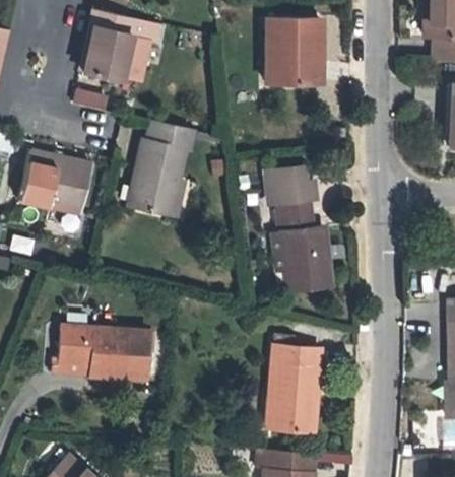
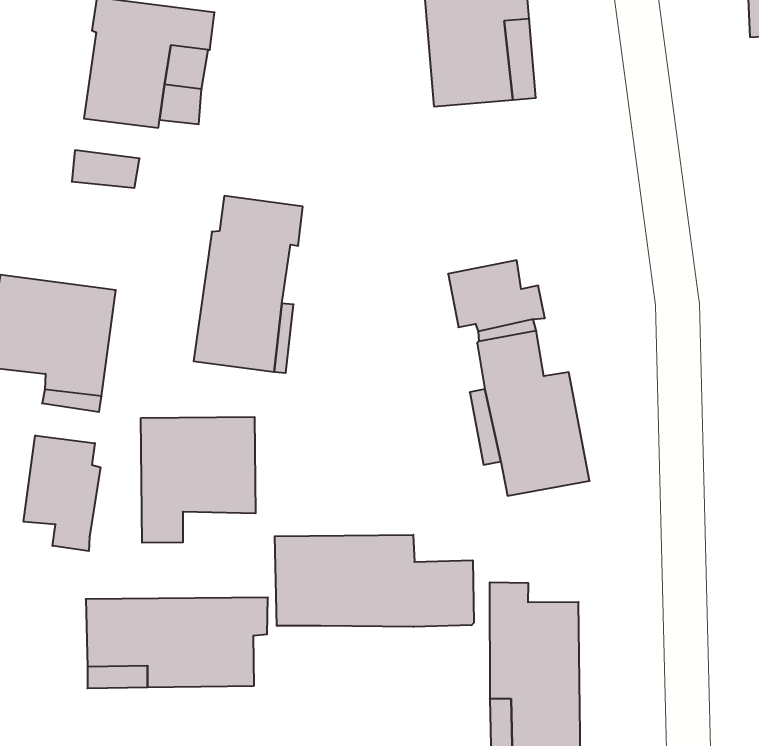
building: none -> [141,417,256,543]
building: none -> [24,435,100,551]
building: none -> [275,535,474,627]

